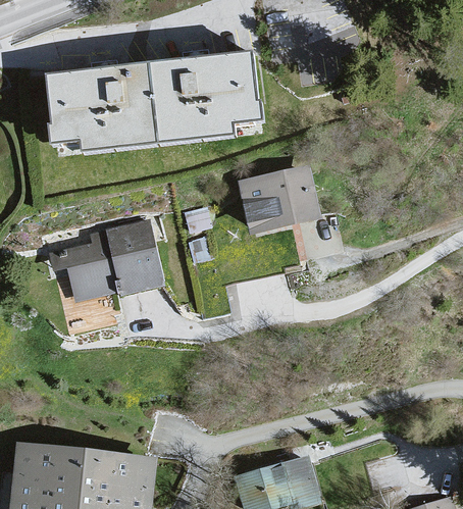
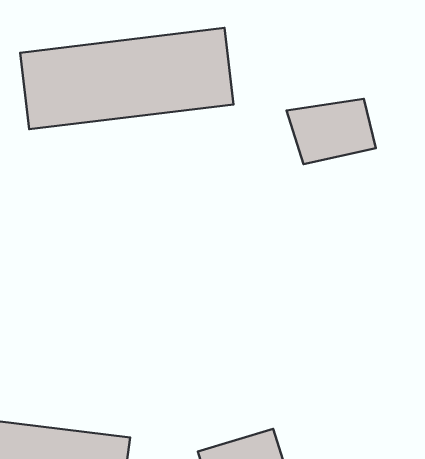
building: [232,169,323,237] -> [287,99,376,164]
building: [55,222,166,305] -> none

